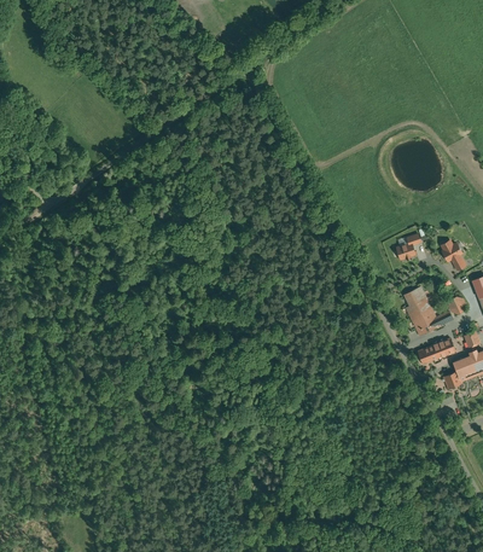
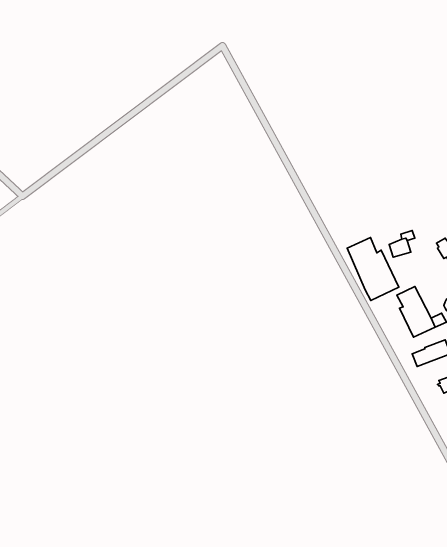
building: none -> [347,238,399,301]

